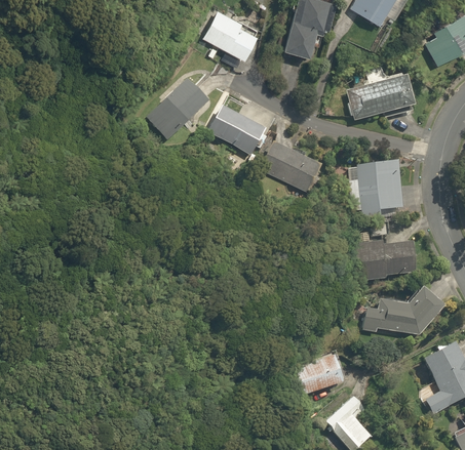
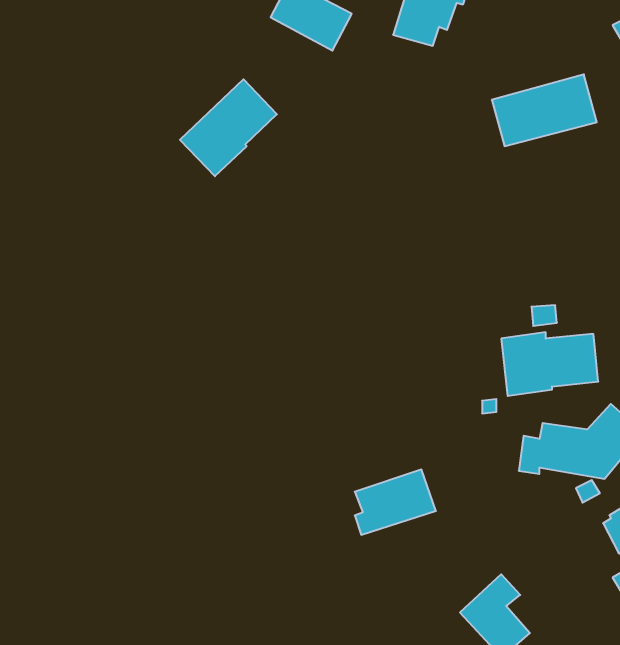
building: [208,107,266,156] -> none
building: [259,142,320,193] -> none
building: [355,159,401,222] -> none
building: [290,356,343,398] -> [355,470,436,535]

